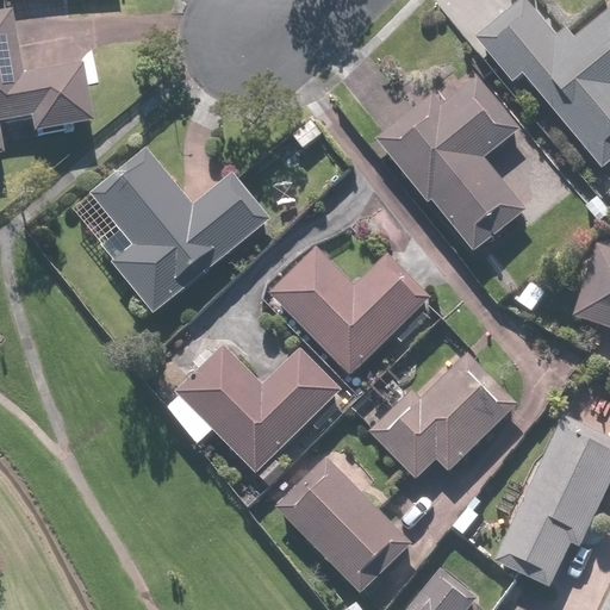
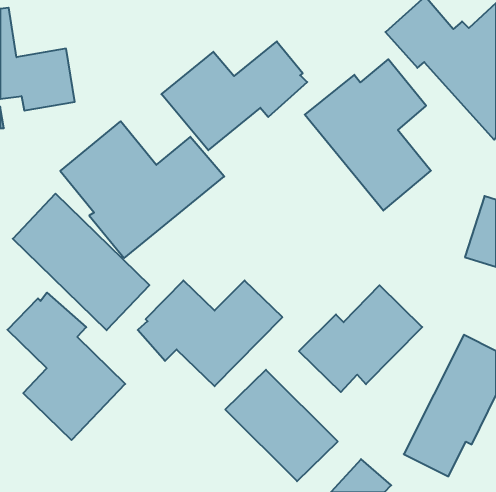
building: none -> [161,41,307,150]
building: none -> [13,194,149,330]
building: [272,245,430,373] -> none
building: none -> [7,293,125,440]

